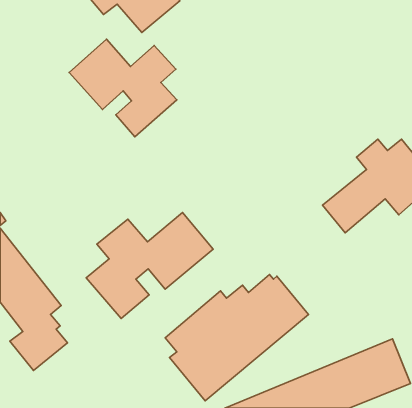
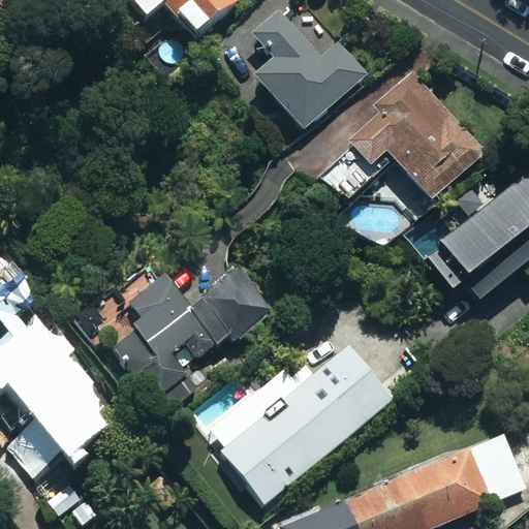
building: none -> [248,7,367,127]
building: [69,39,177,137] -> none
building: none -> [348,86,486,199]

